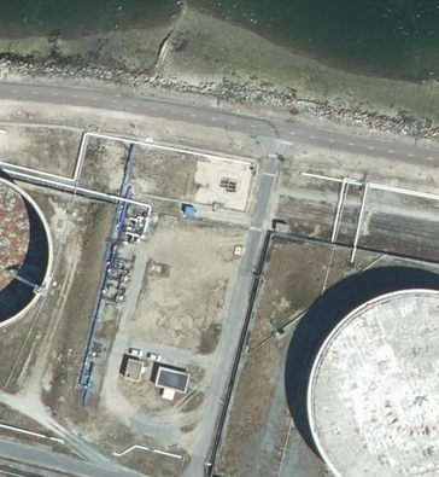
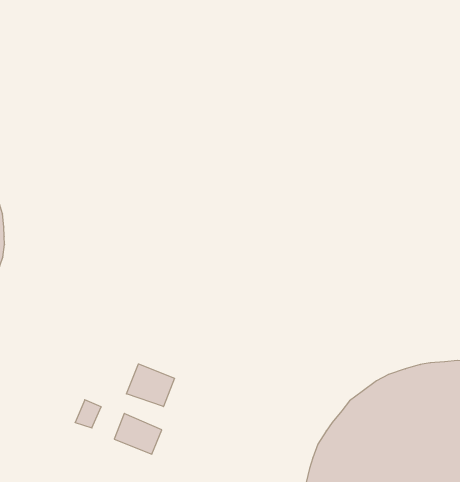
building: none -> [126,364,174,407]

